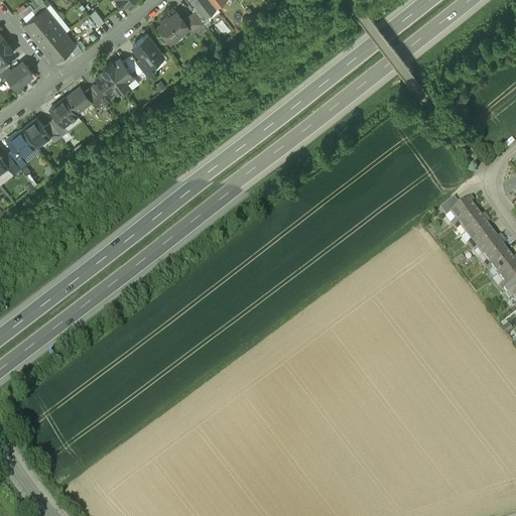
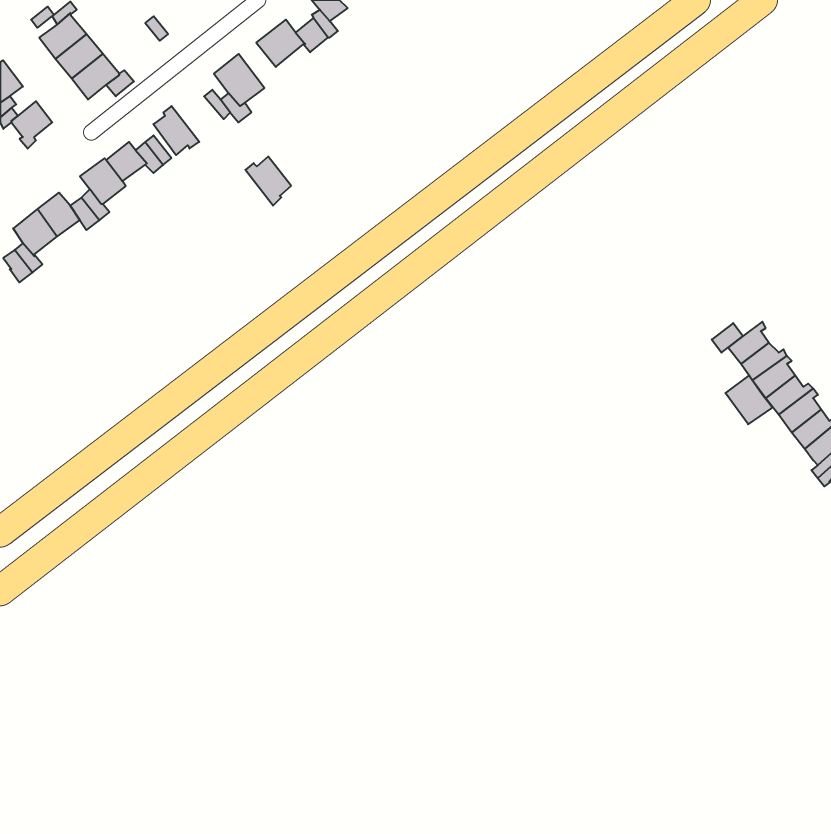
building: [108,57,136,88] -> [245,157,291,206]
building: none -> [725,375,772,424]

